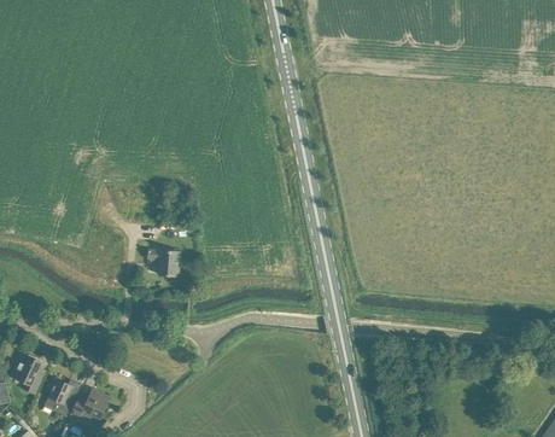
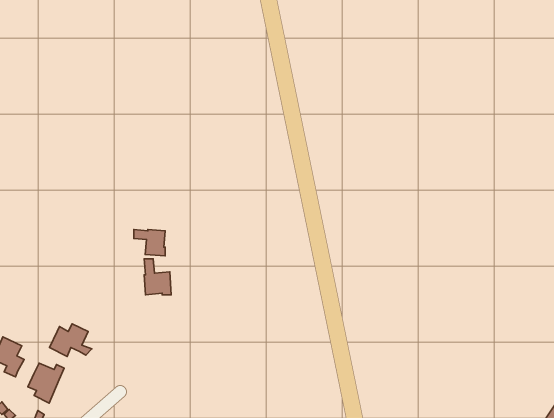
building: none -> [144,259,171,295]
building: [70,390,111,421] -> [50,324,92,356]

